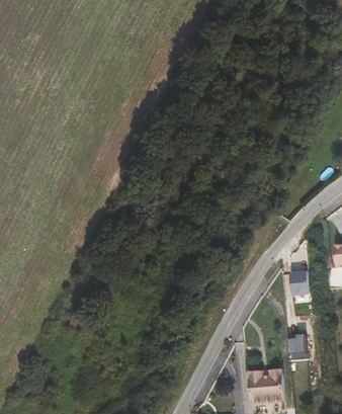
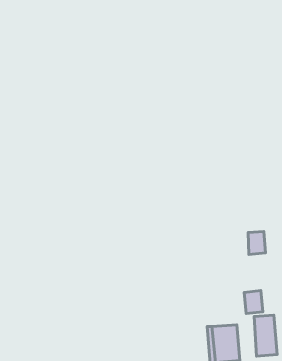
building: none -> [254,315,277,356]

